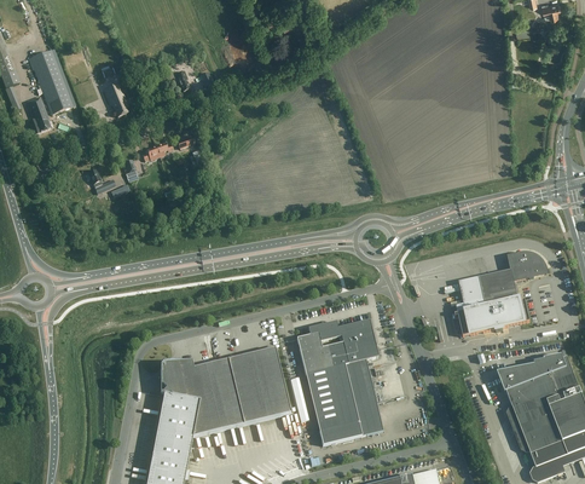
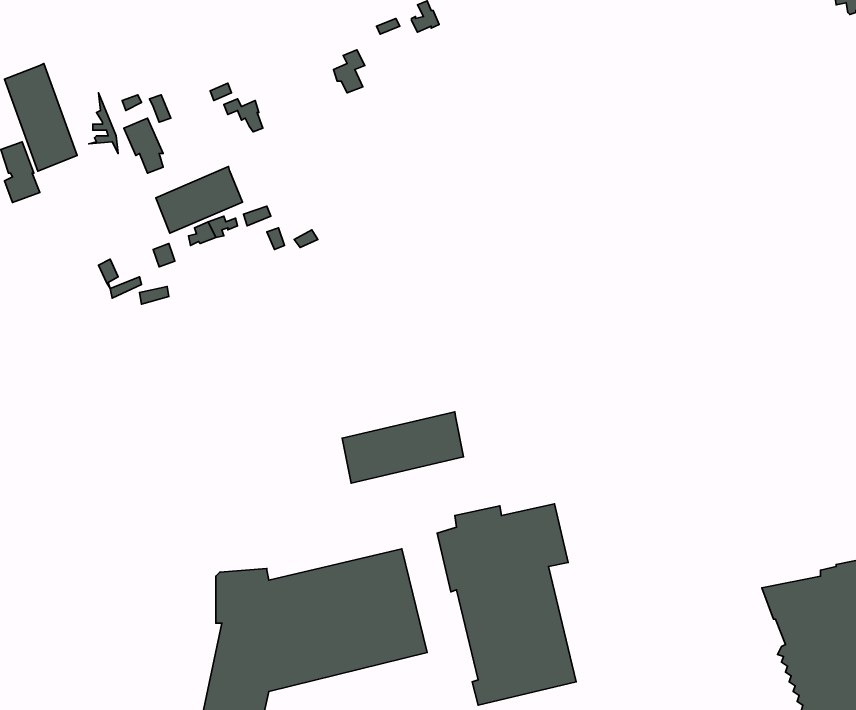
building: none -> [156,167,242,233]
building: [453,252,545,335] -> none
building: none -> [342,412,464,483]

